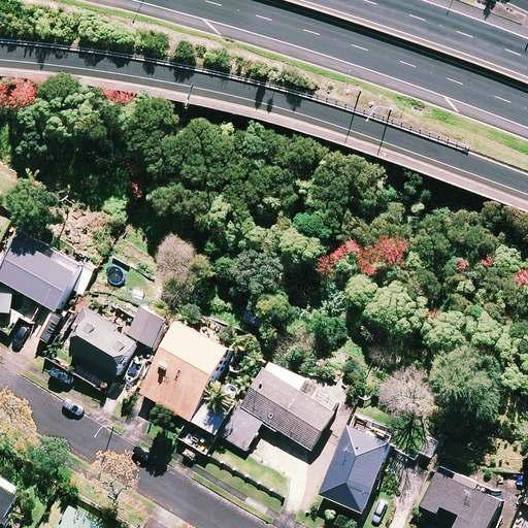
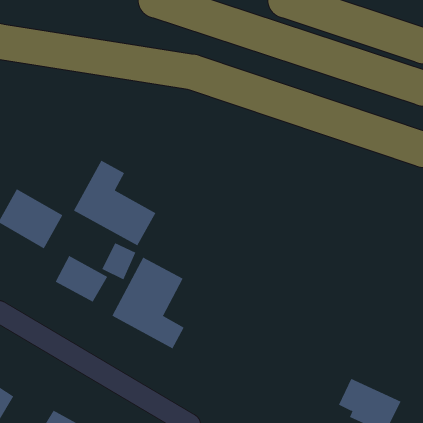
building: none -> [73,160,156,246]
building: [221,360,332,453] -> none
building: [319,420,392,513] -> none

